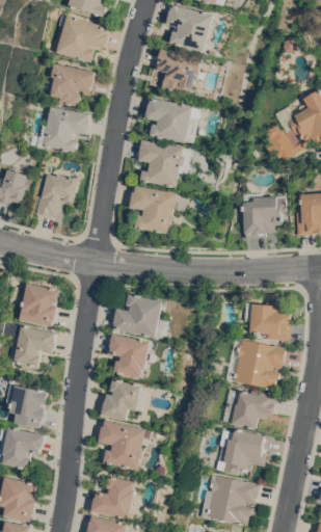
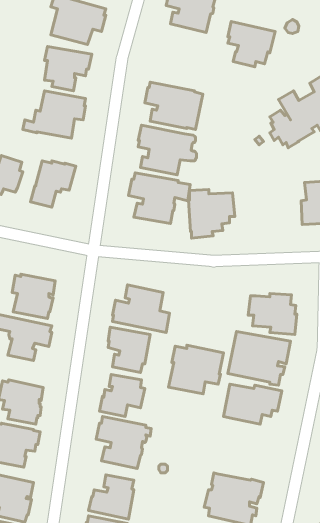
building: [157,49,203,92] -> [228,22,275,67]
building: [242,192,287,239] -> [188,189,235,238]
building: [216,428,269,475] -> [169,345,224,394]

